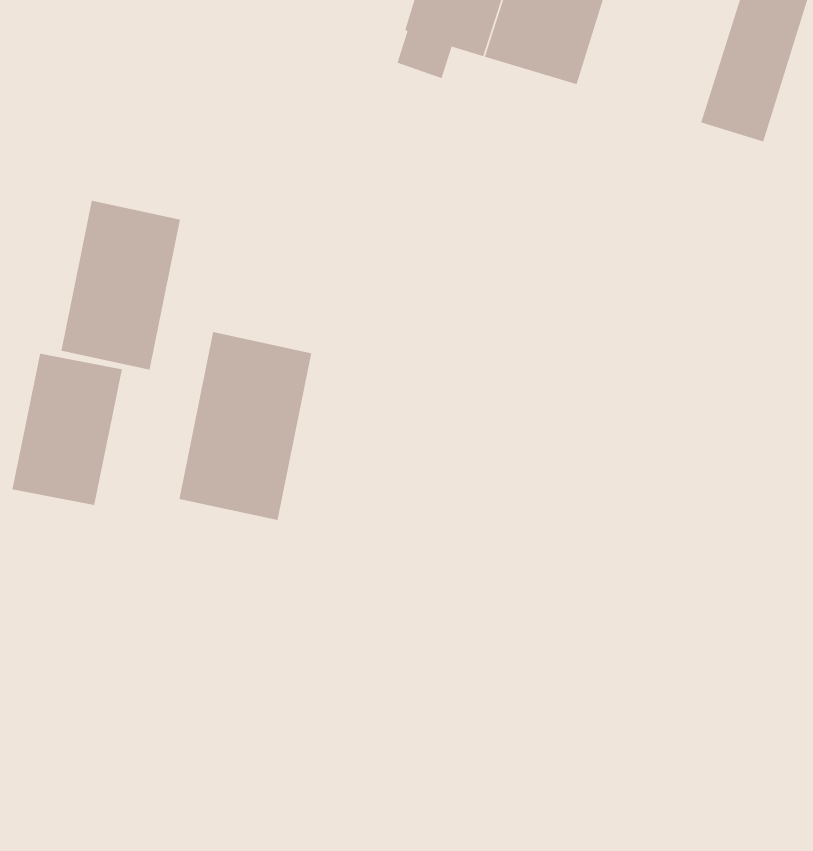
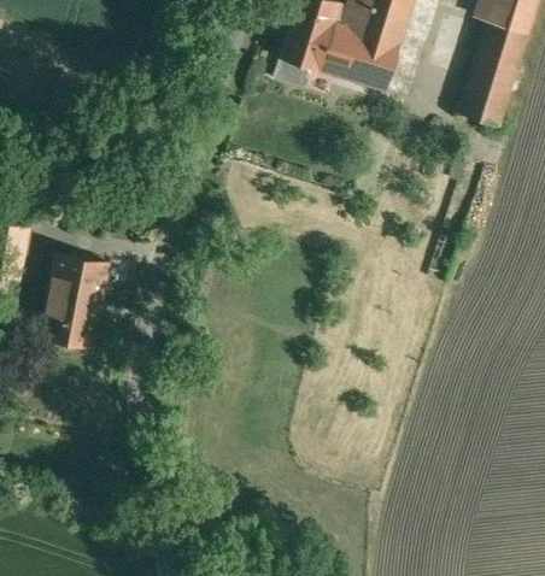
building: [60,200,181,371] -> none
building: [178,331,312,521] -> none

